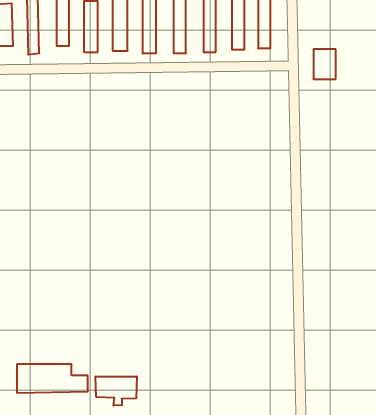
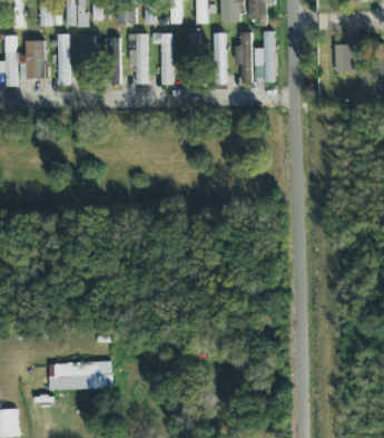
building: [313,49,336,79] -> [335,45,355,71]
building: [96,376,137,406] -> none

